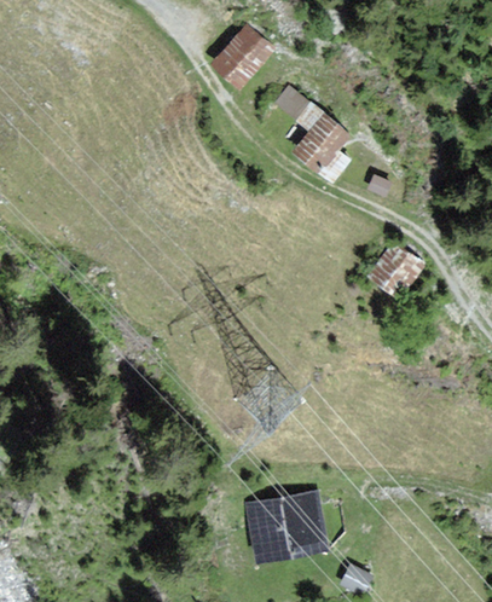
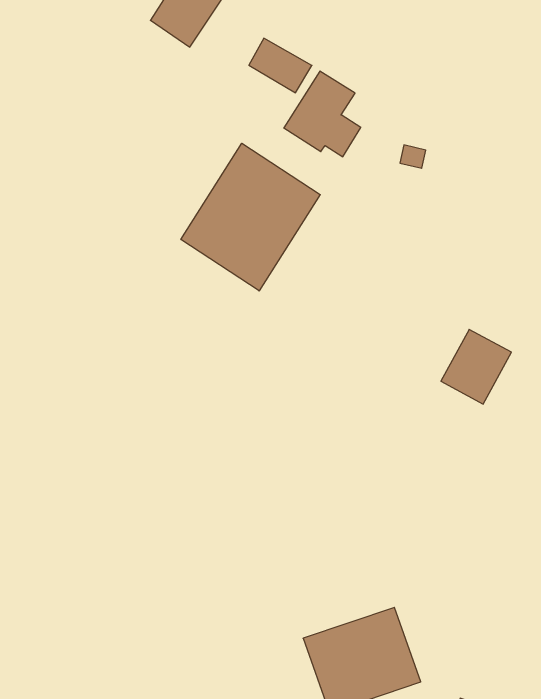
building: none -> [181,143,320,291]
building: [370,242,422,295] -> [441,329,511,404]

